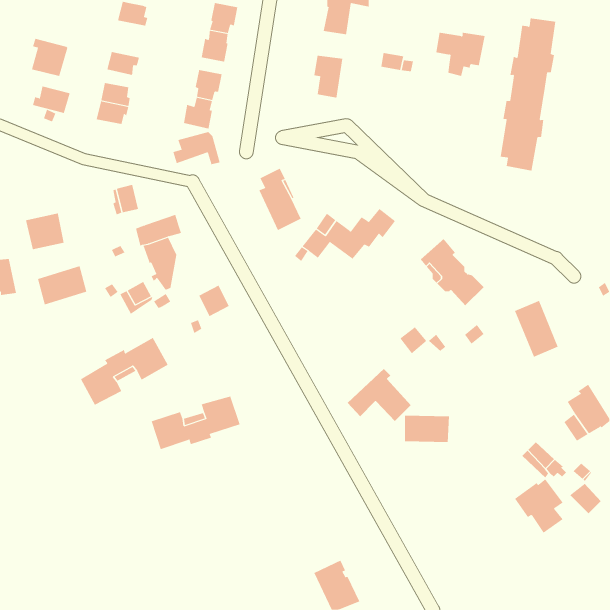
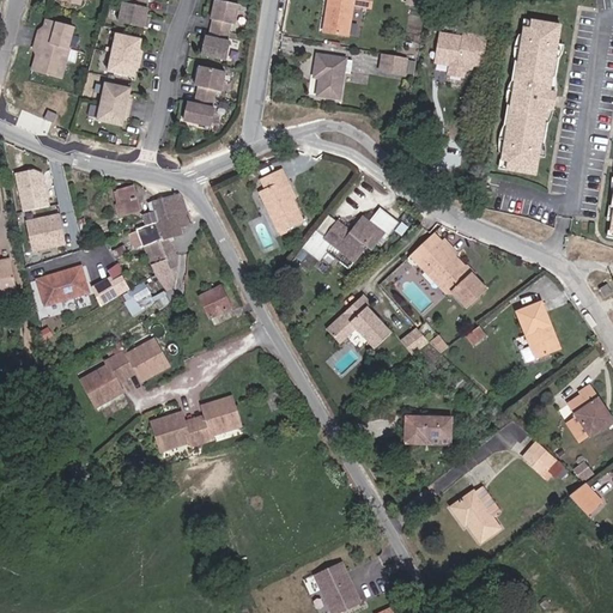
building: none -> [111,32,141,57]
building: [32,86,70,113] -> [35,19,73,47]
building: [173,131,220,165] -> [141,193,189,226]
building: none -> [14,169,48,211]
building: [347,368,411,422] -> [326,295,390,348]
building: [514,478,563,533] -> [450,486,499,541]

